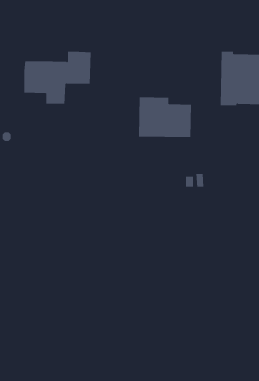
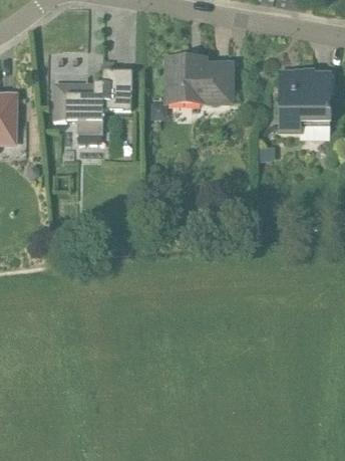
building: [138,97,192,138] -> [167,55,230,102]

